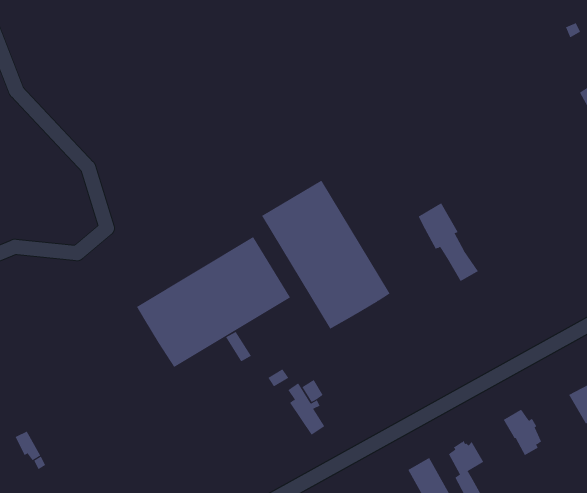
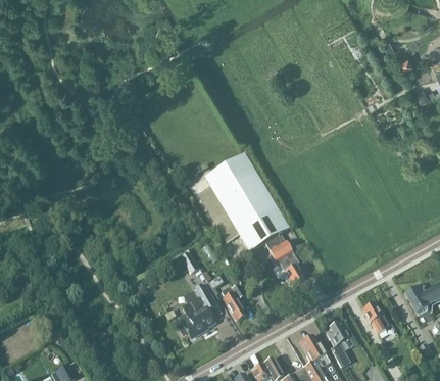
building: [418,202,479,282] -> [265,233,305,285]
building: [136,236,291,368] -> none
building: none -> [179,286,221,340]

